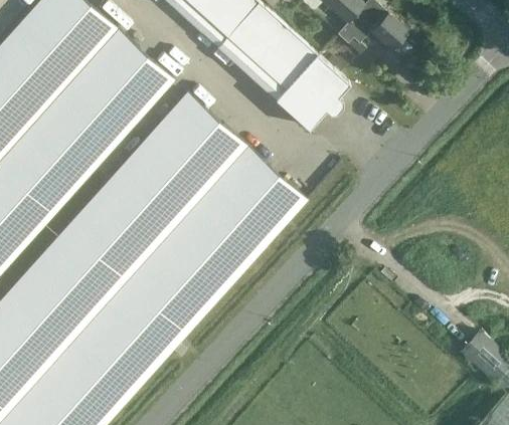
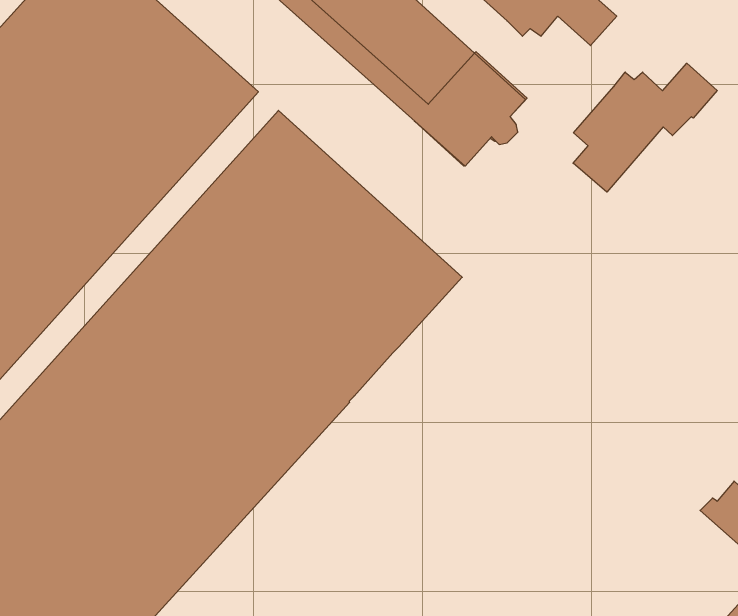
building: none -> [573,63,717,192]

